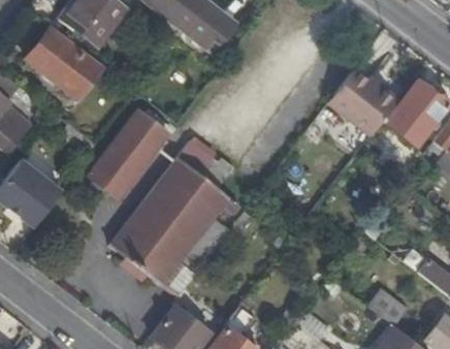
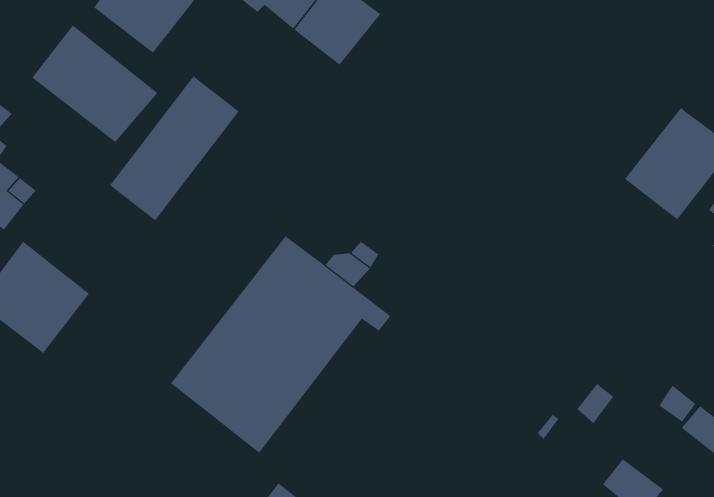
building: [328,69,397,135] -> none
building: [89,112,167,199] -> [109,75,239,221]

